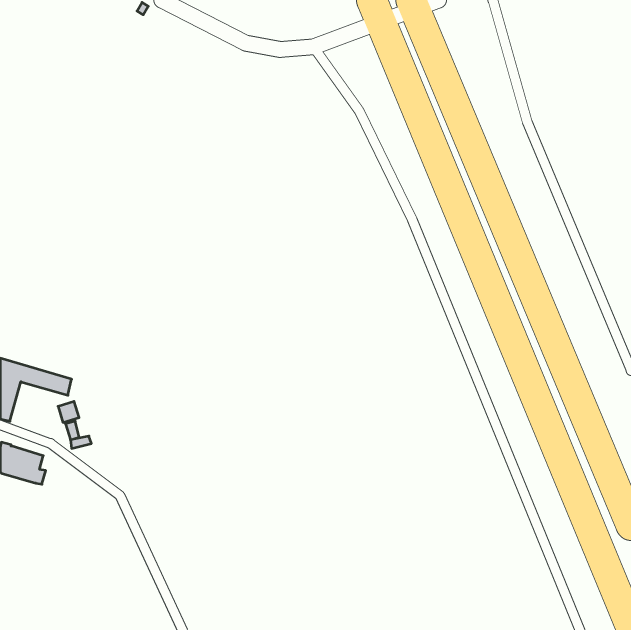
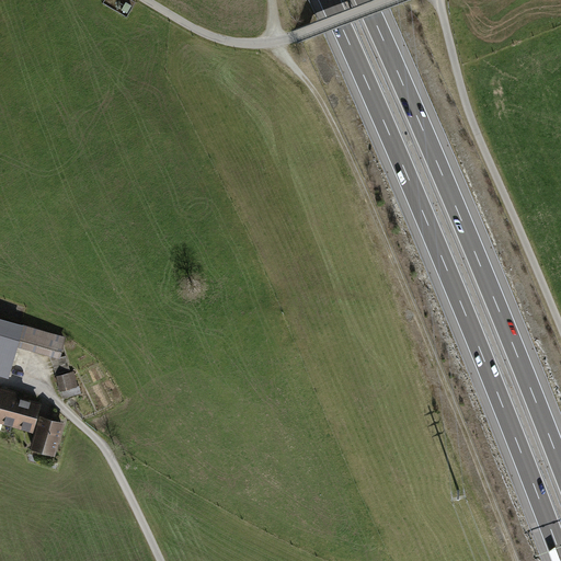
building: none -> [32,419,61,454]

